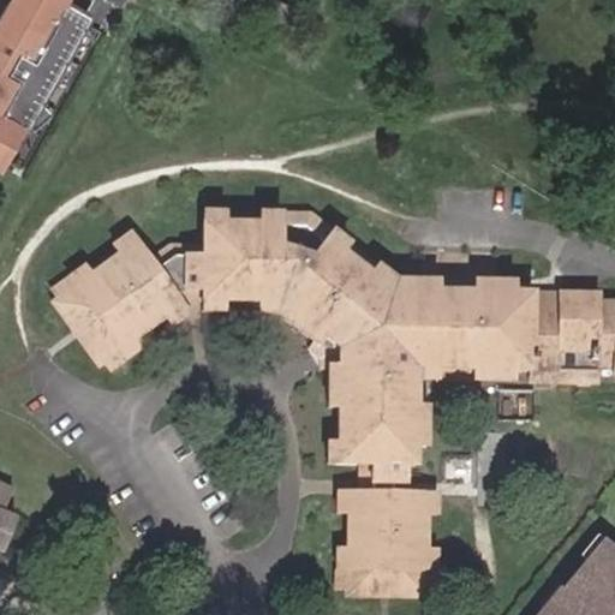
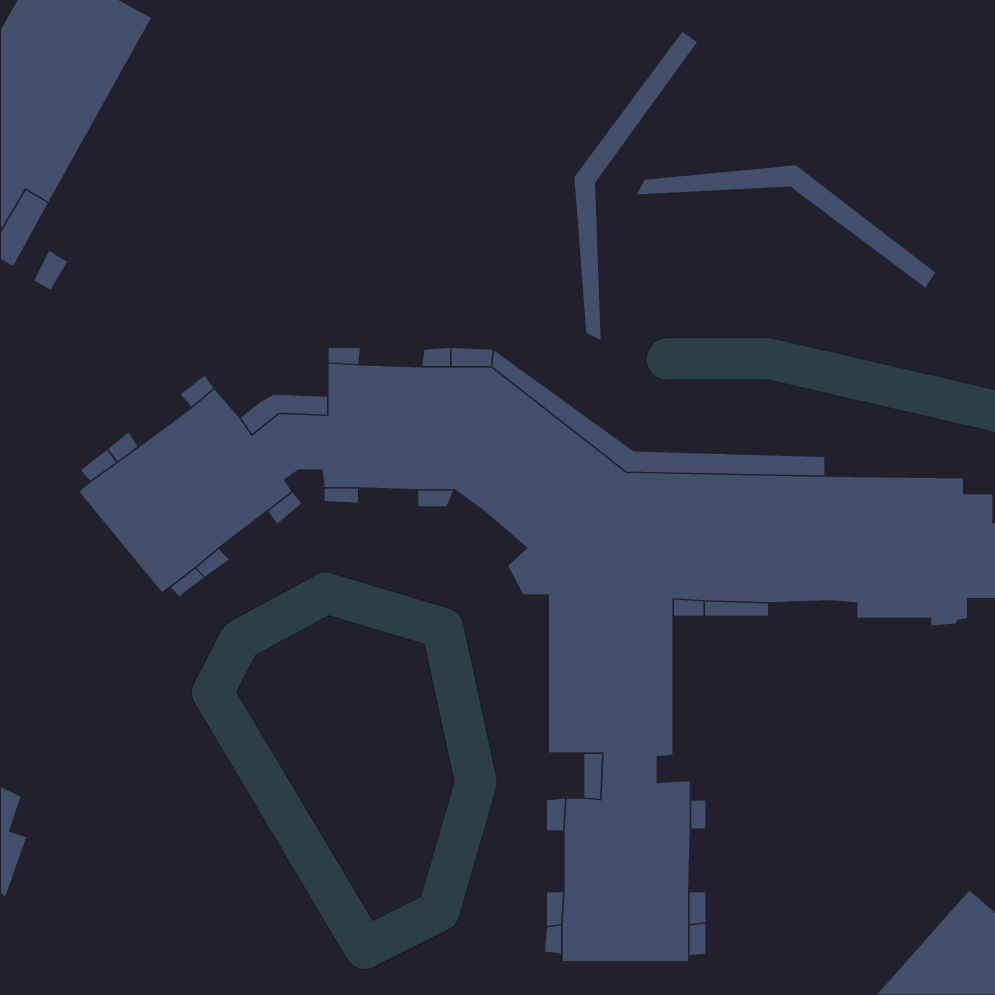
building: none -> [574,31,698,342]
building: none -> [636,165,936,289]

